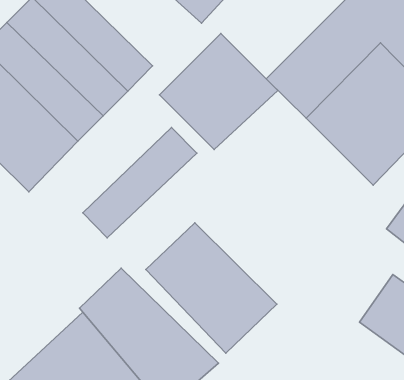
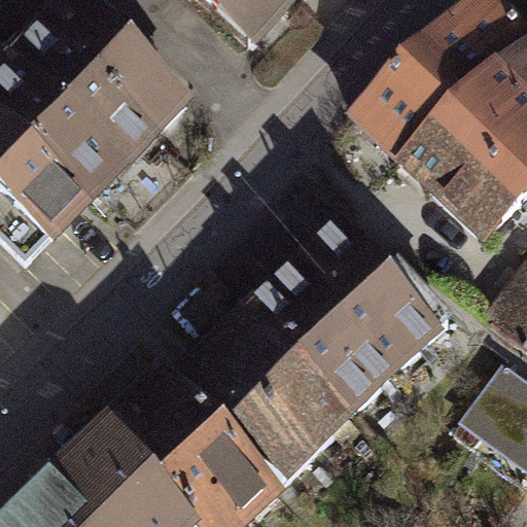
building: [159,33,278,149] -> none
building: [83,127,197,238] -> none
building: none -> [256,222,454,407]

